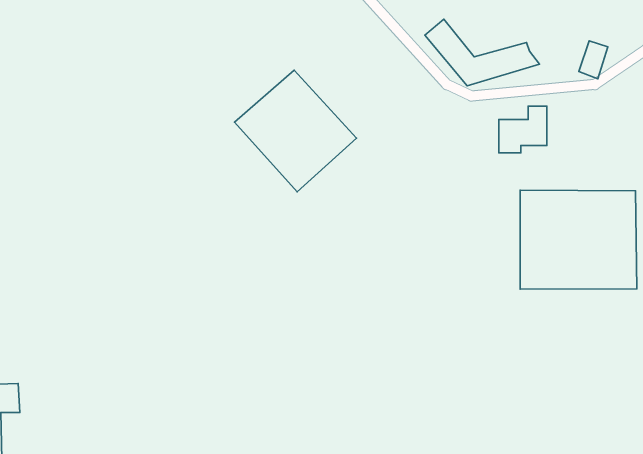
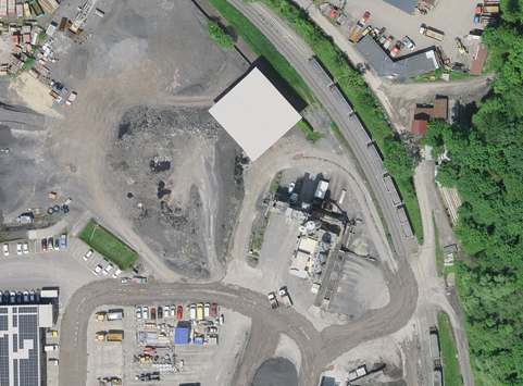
building: [520,190,637,289] -> none

